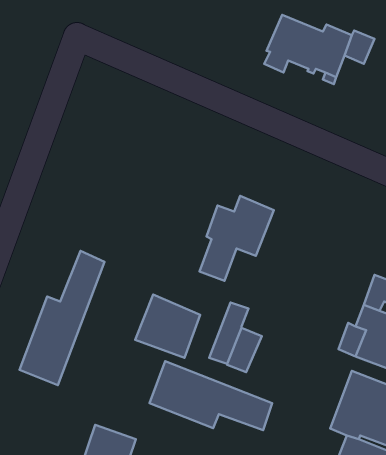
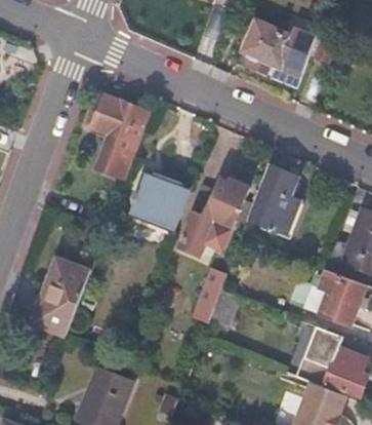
building: none -> [83,99,150,185]
building: none -> [250,166,298,228]
building: [135,294,200,358] -> [127,175,182,229]
building: [150,361,272,430] -> none

